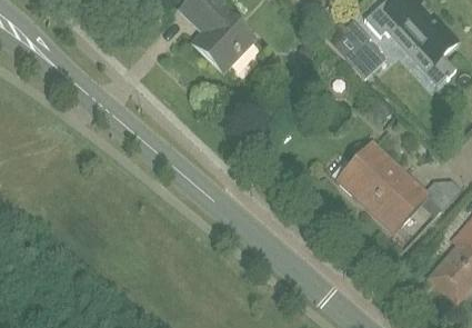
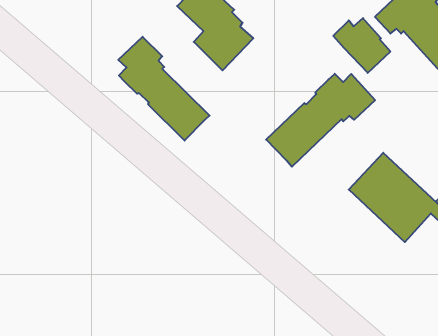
building: none -> [118,37,210,141]
building: none -> [266,74,375,167]

